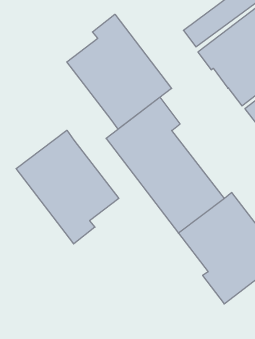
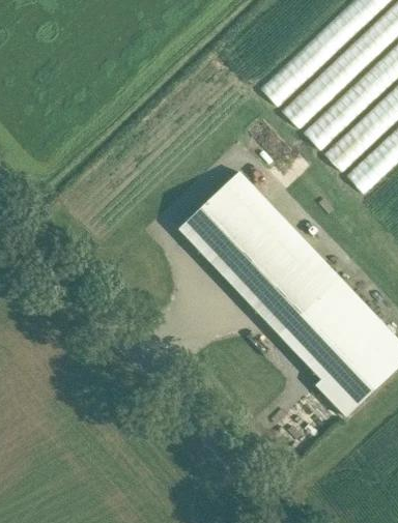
building: [67,14,172,129] -> none
building: [16,130,119,244] -> none

